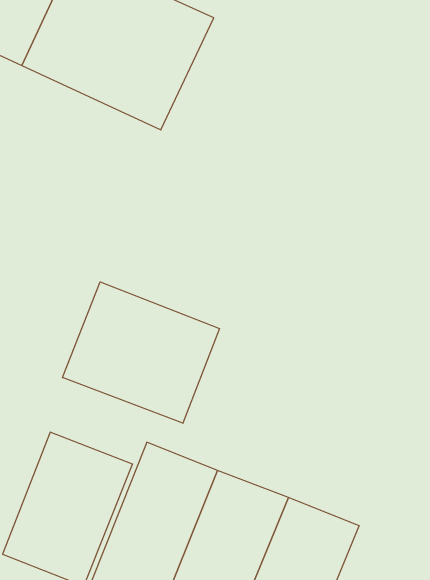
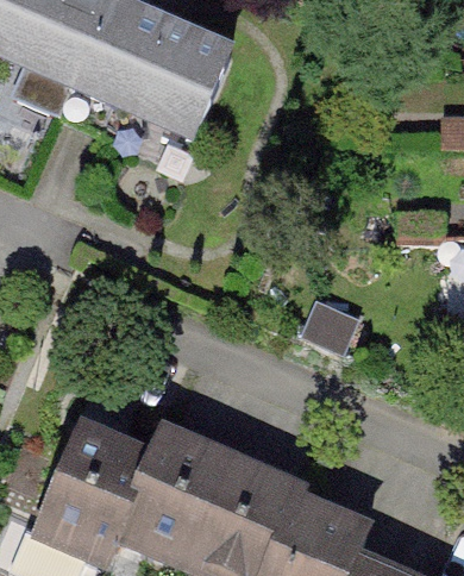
building: [63,282,220,423] -> none

